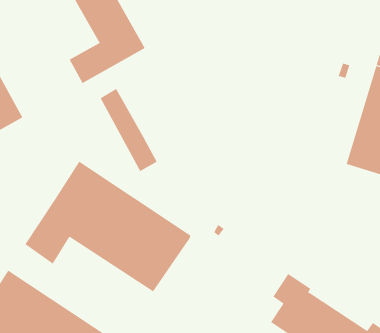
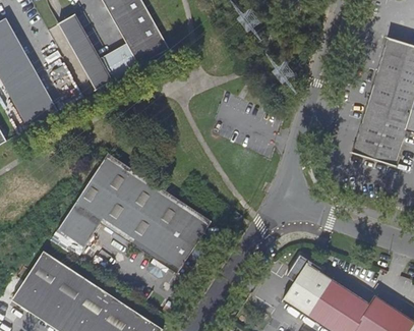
building: [100,88,158,172] -> [59,14,112,91]

